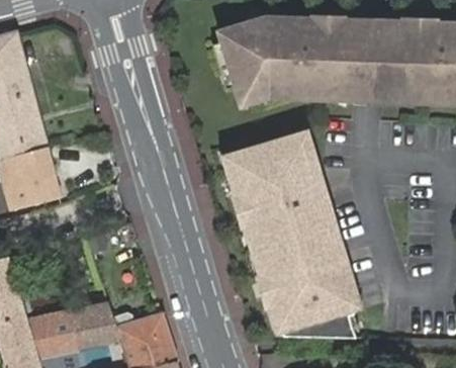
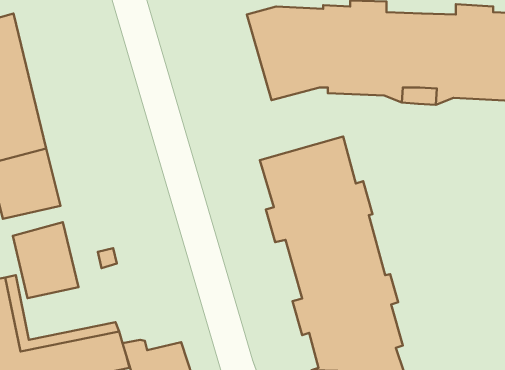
building: none -> [13,222,79,298]

